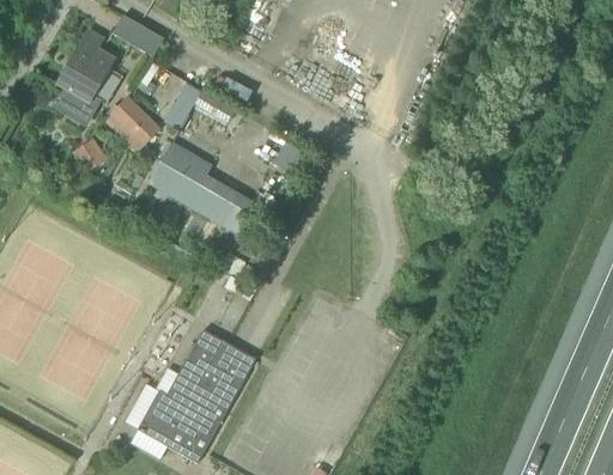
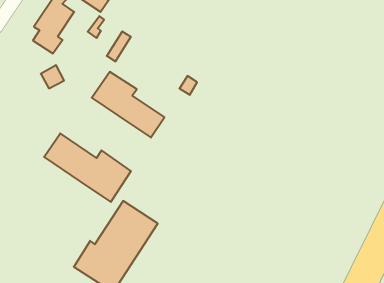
building: [107,97,158,151] -> none
building: none -> [44,133,131,202]

